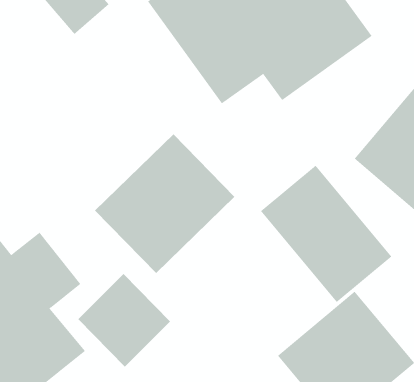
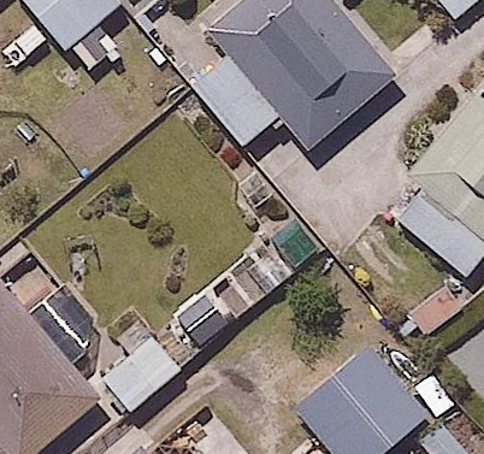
building: [94,134,235,274] -> none
building: [260,165,392,303] -> none

